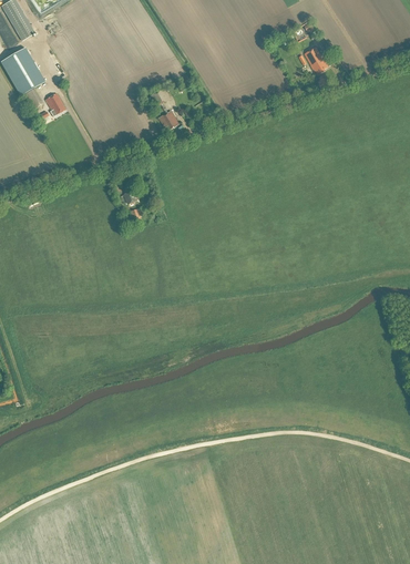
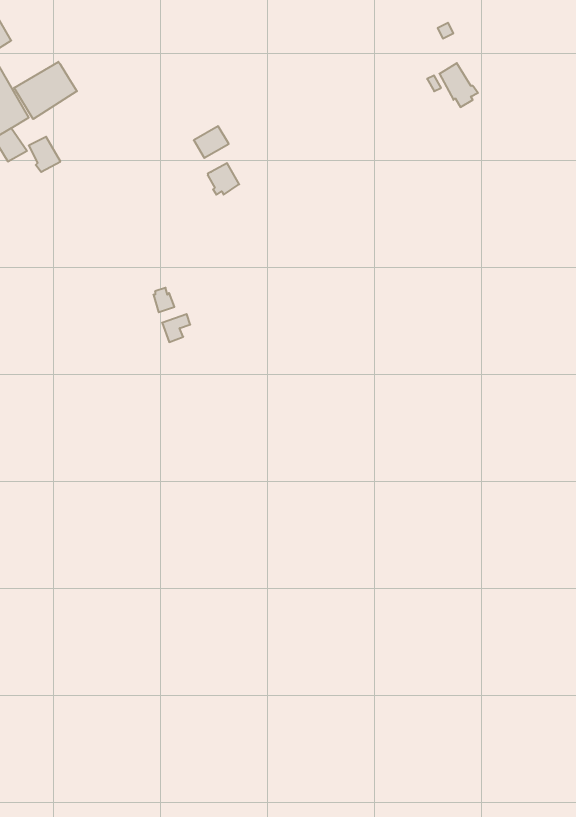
building: none -> [14,62,77,119]

